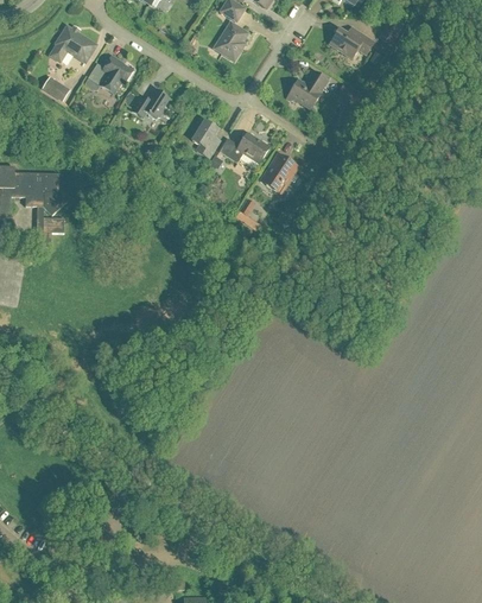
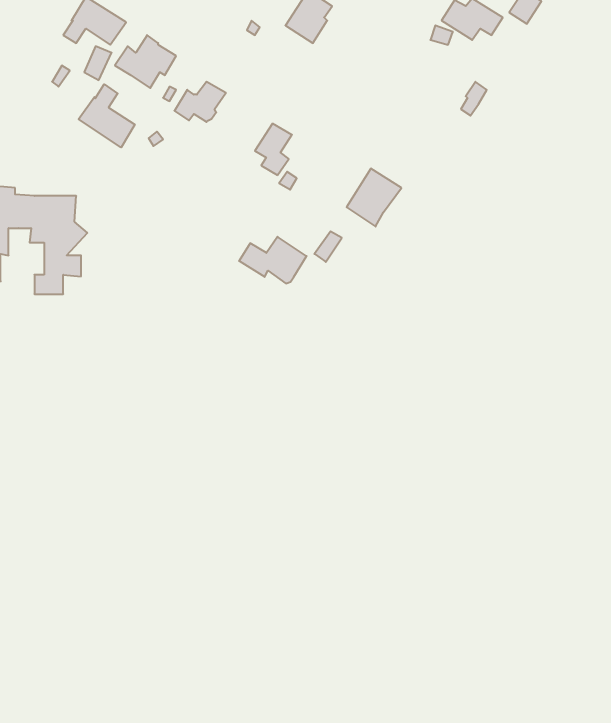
building: [286,70,328,107] -> none
building: none -> [79,84,135,147]
building: [218,132,268,166] -> [239,237,307,283]

